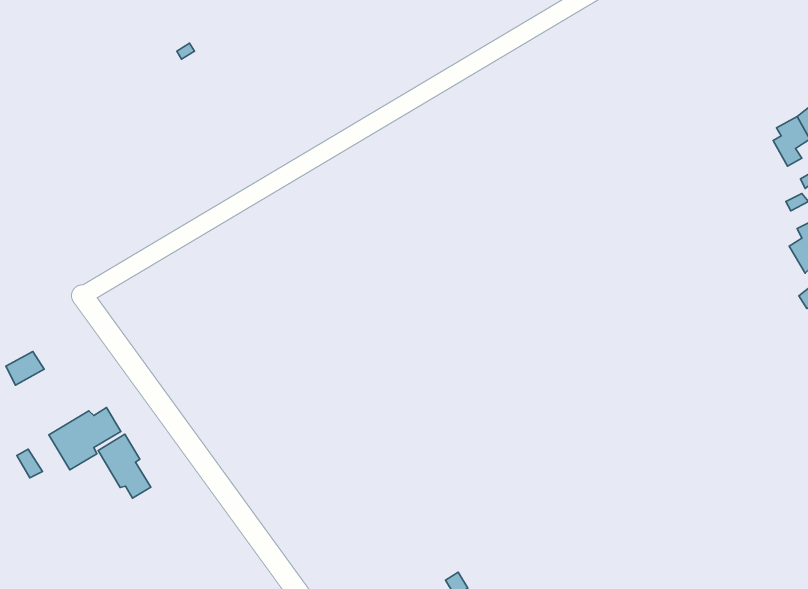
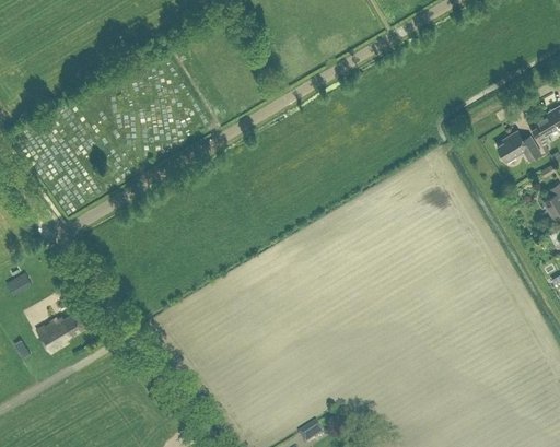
building: none -> [498,130,541,162]
building: [98,434,151,498] -> none

